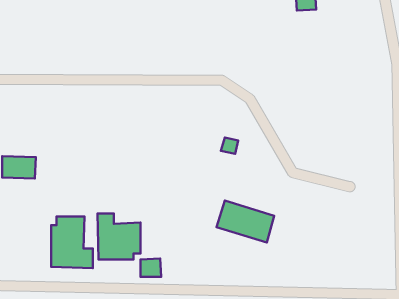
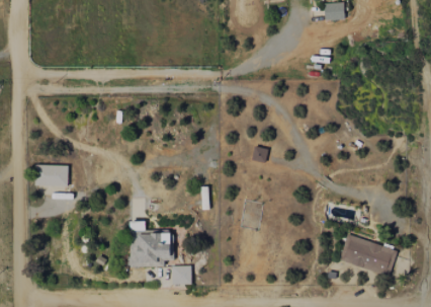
building: [217,200,274,242] -> [340,234,397,276]
building: [51,217,93,268] -> none

